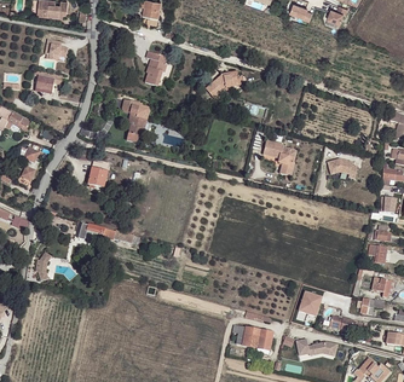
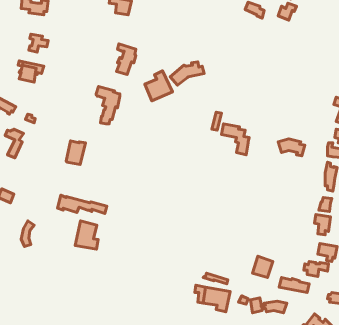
building: none -> [145,71,172,101]
building: none -> [75,221,98,249]

